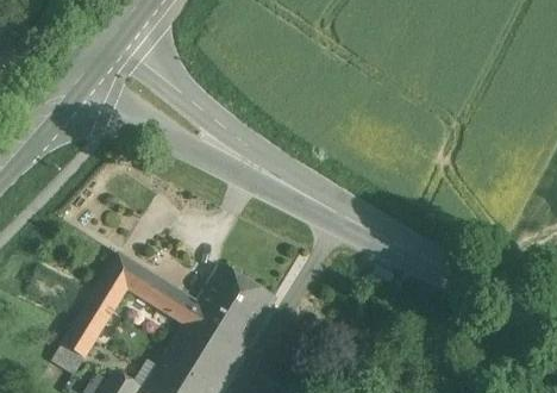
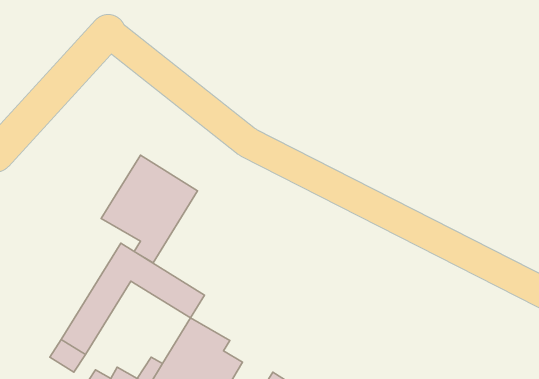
building: [183,263,274,364] -> [101,155,197,263]

